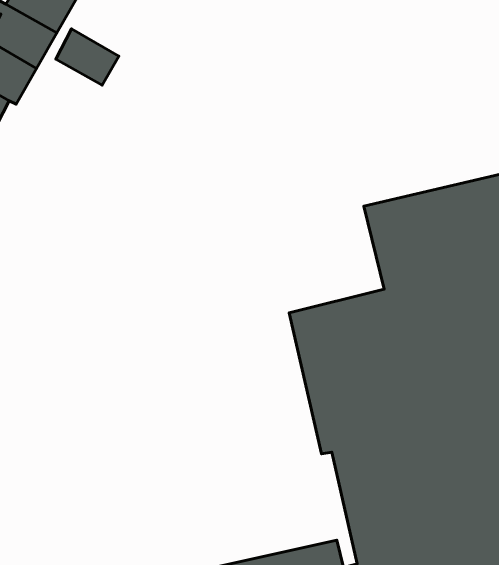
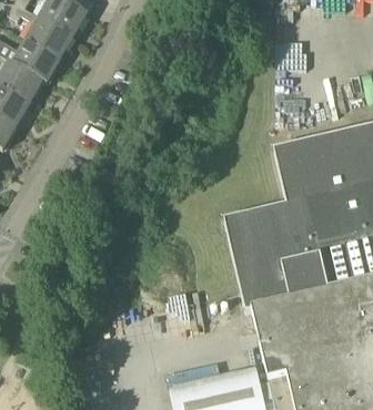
building: [56,29,119,85] -> none

